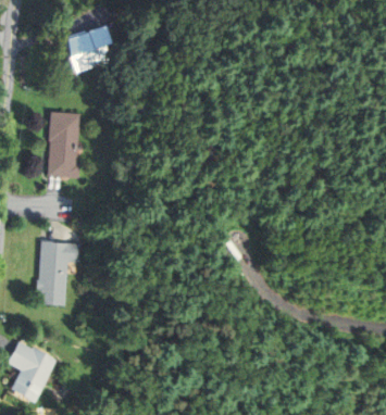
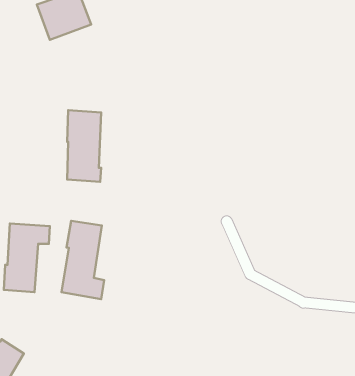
building: [48,111,79,177] -> [67,110,101,182]
building: none -> [61,221,104,299]

